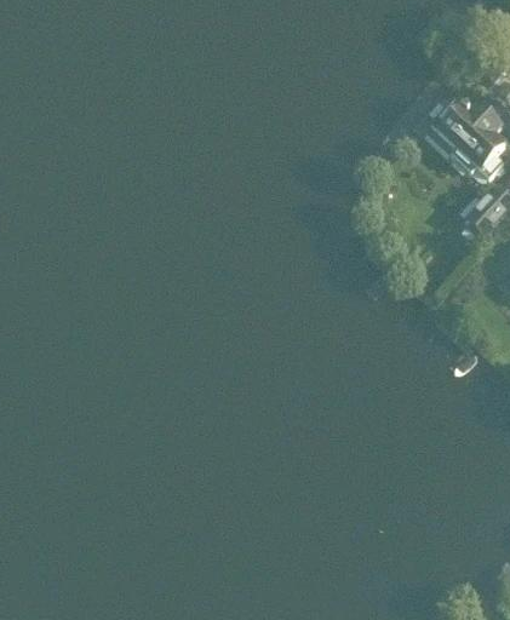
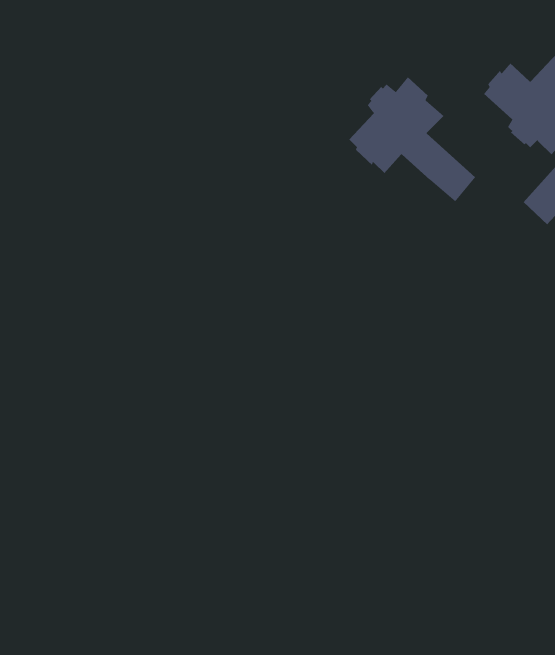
building: none -> [349,77,476,202]

